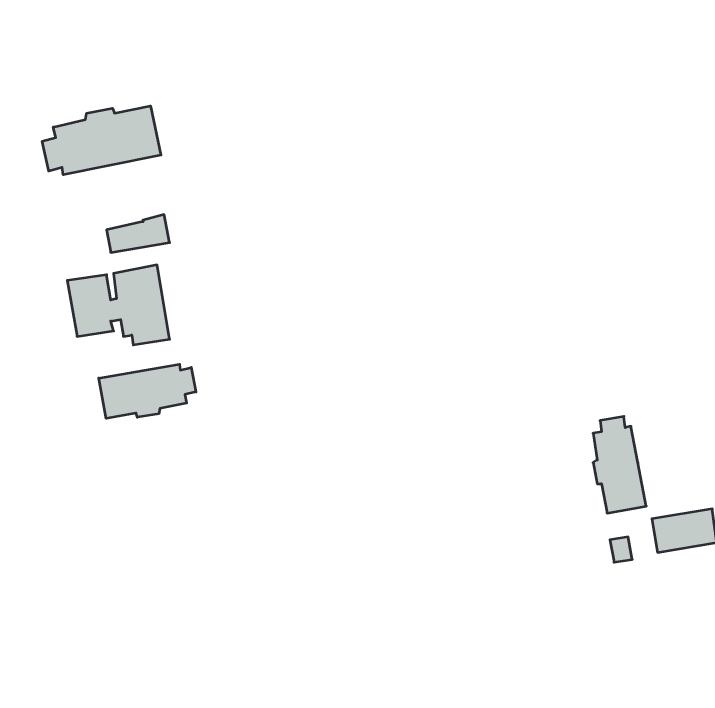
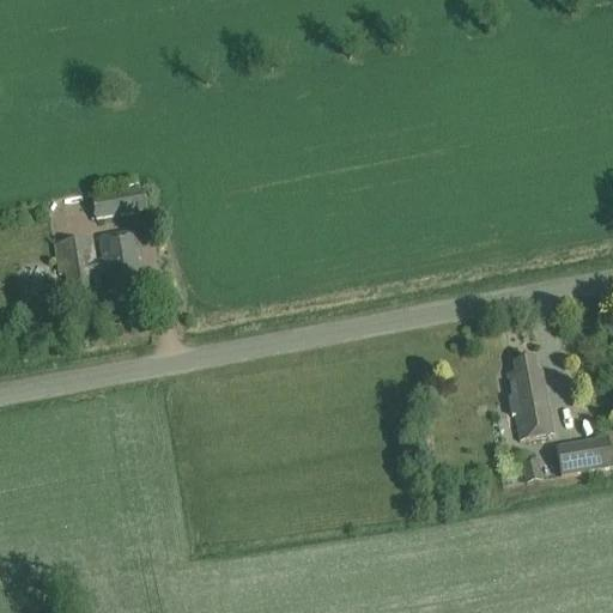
building: [42,106,161,175] -> none
building: [99,364,196,418] -> none

